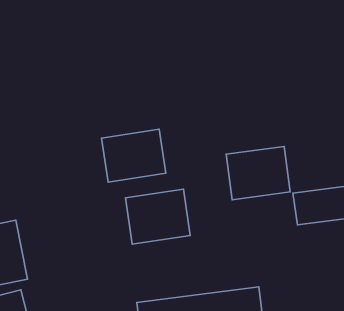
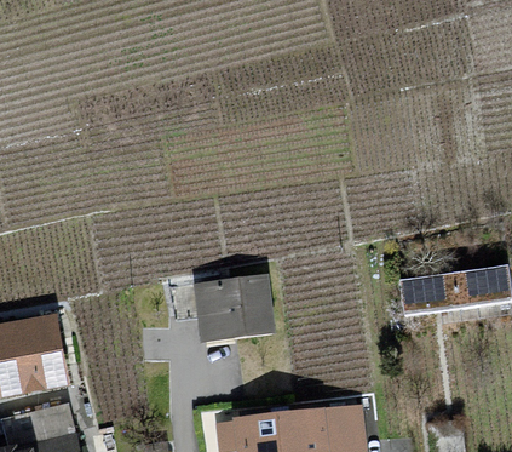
building: [102,129,166,182] -> none
building: [226,147,290,200] -> none

